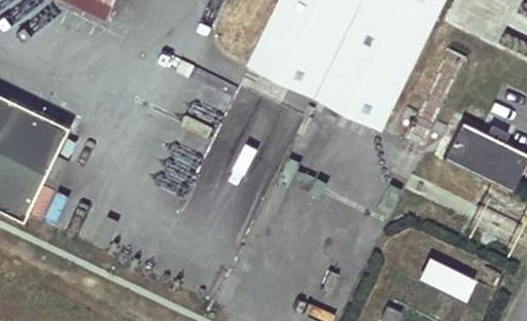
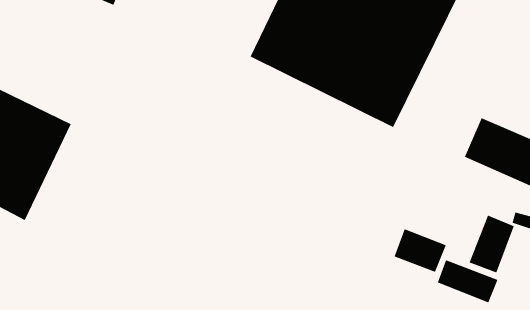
building: none -> [469,215,515,273]
building: none -> [393,228,447,273]

